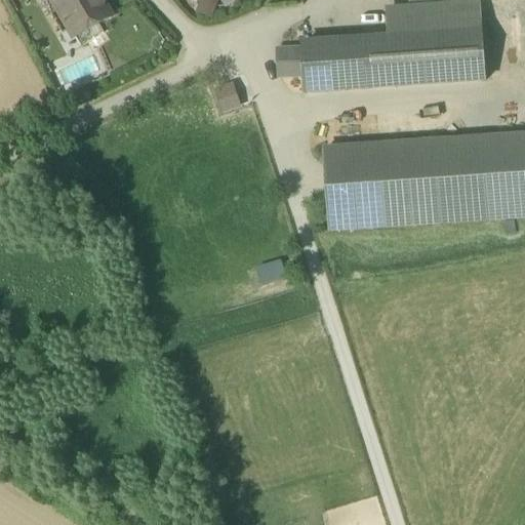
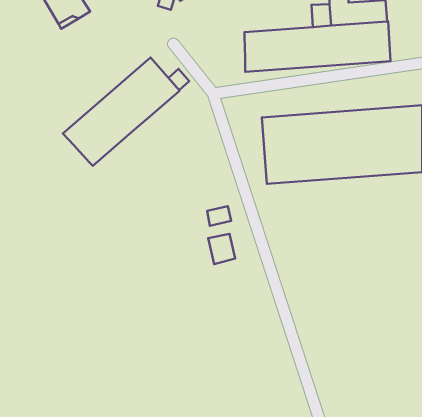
building: [279,45,305,73] -> none
building: none -> [63,57,180,166]
building: none -> [208,234,235,264]

